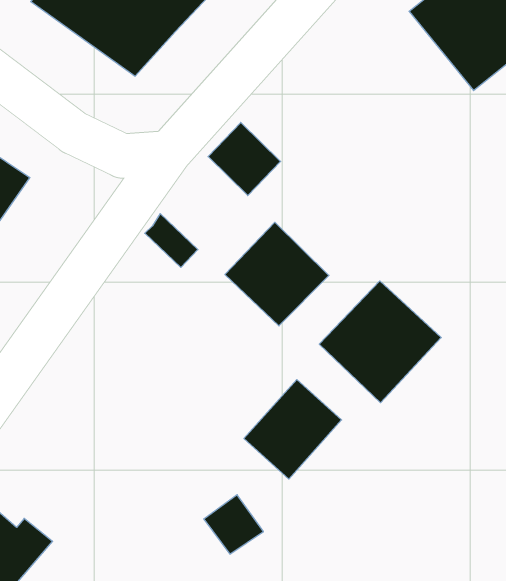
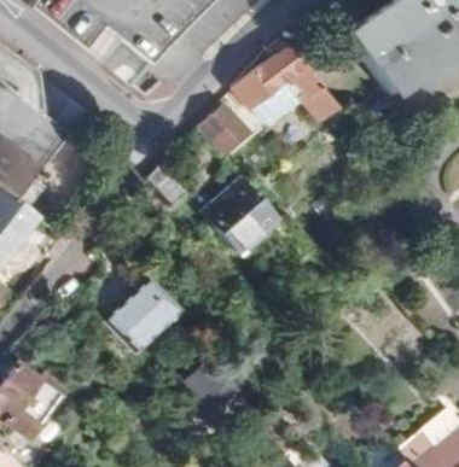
building: none -> [232,43,337,125]
building: [319,281,441,403] -> none
building: [244,380,342,479] -> [108,284,179,355]

